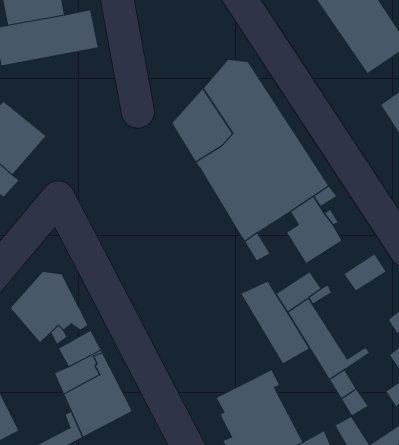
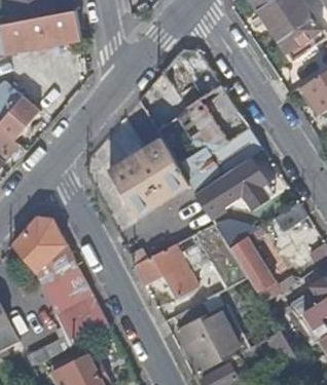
building: none -> [109,134,190,215]
building: none -> [135,243,197,298]

